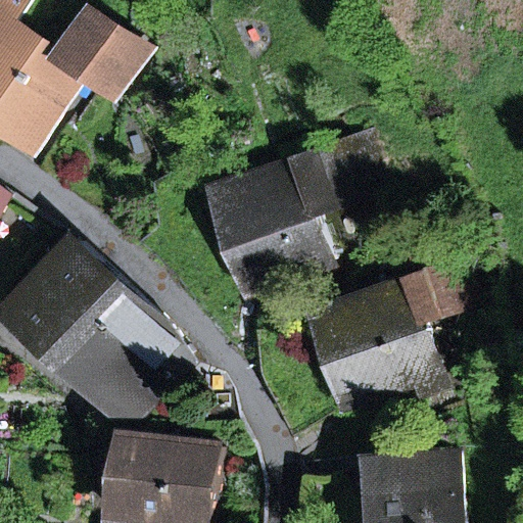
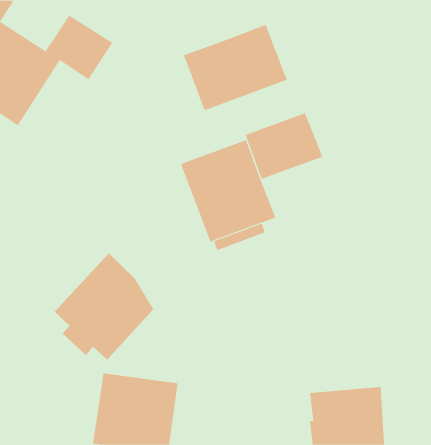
building: none -> [183,24,287,111]
building: [310,238,470,402] -> none
building: [5,243,128,366] -> none

